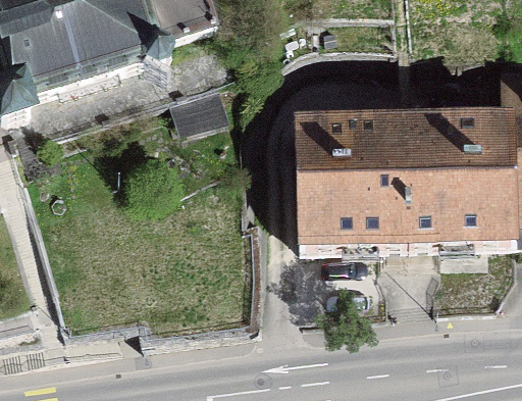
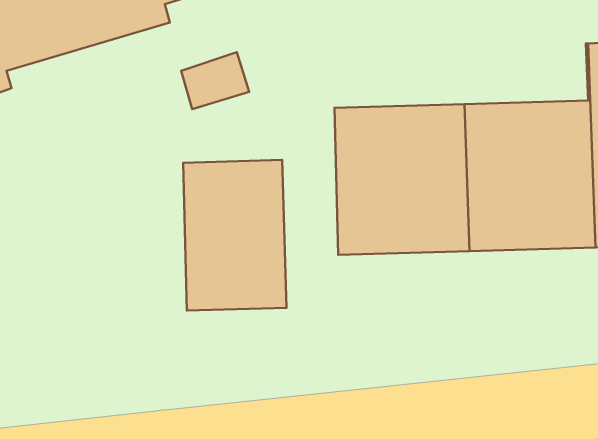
building: none -> [183,160,287,310]

